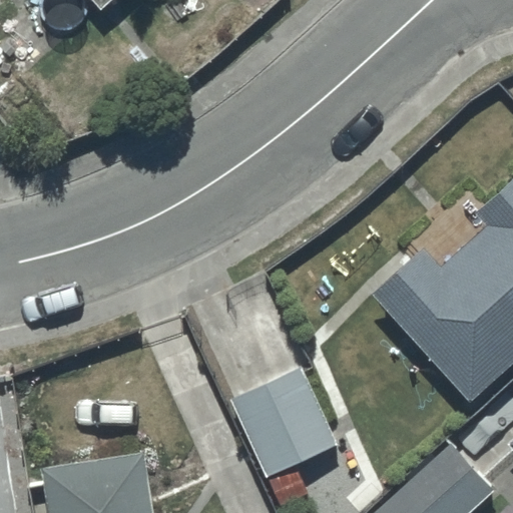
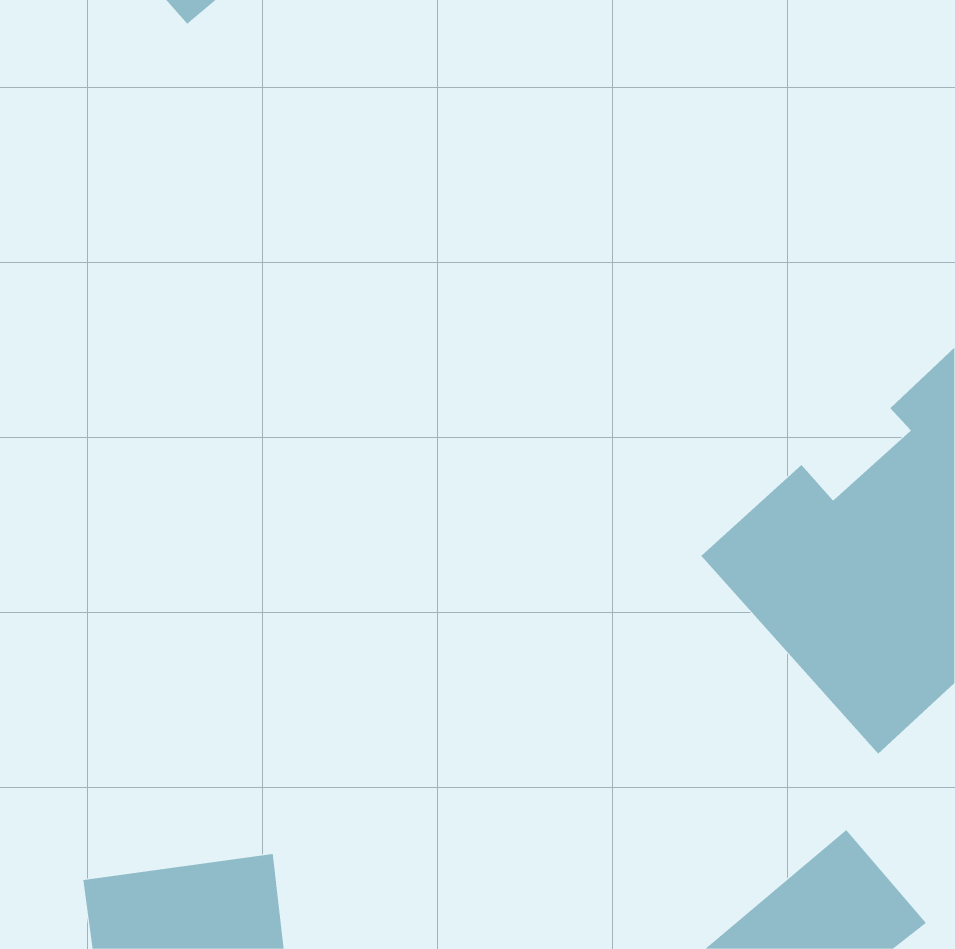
building: [229,368,337,497] -> none

